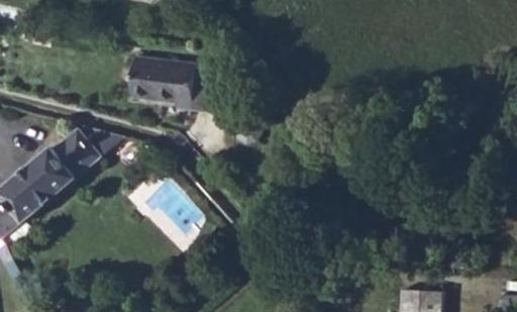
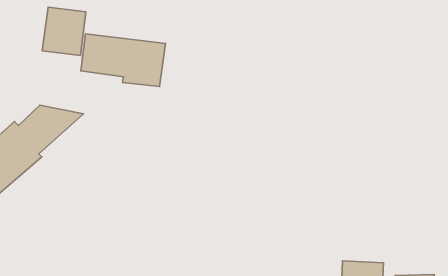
building: none -> [42,7,86,56]

